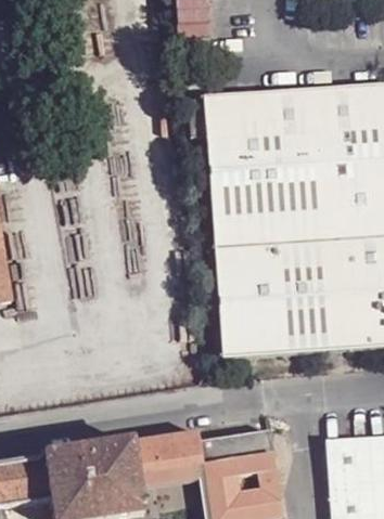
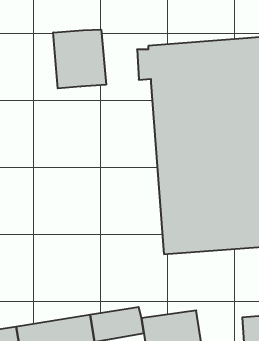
building: none -> [53,30,106,88]

